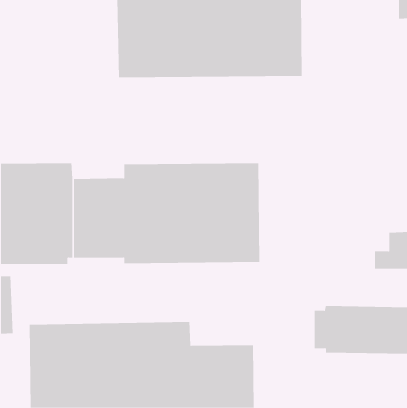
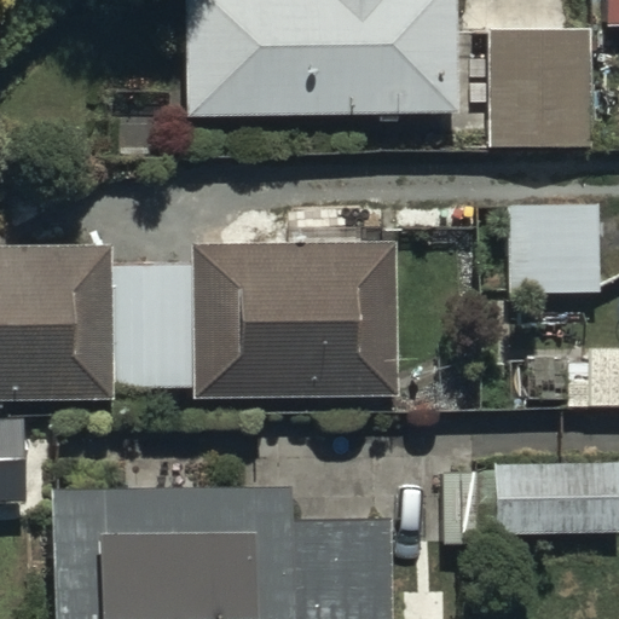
building: none -> [490,31,590,146]
building: none -> [509,202,601,294]

